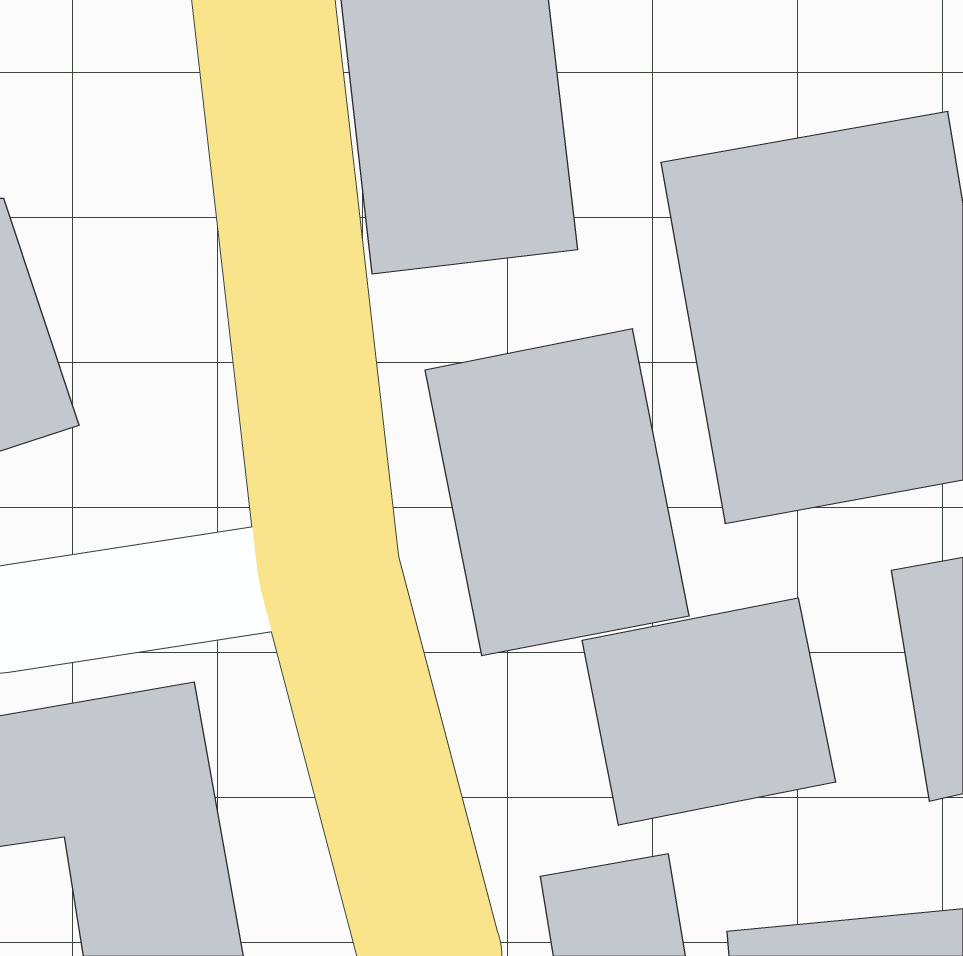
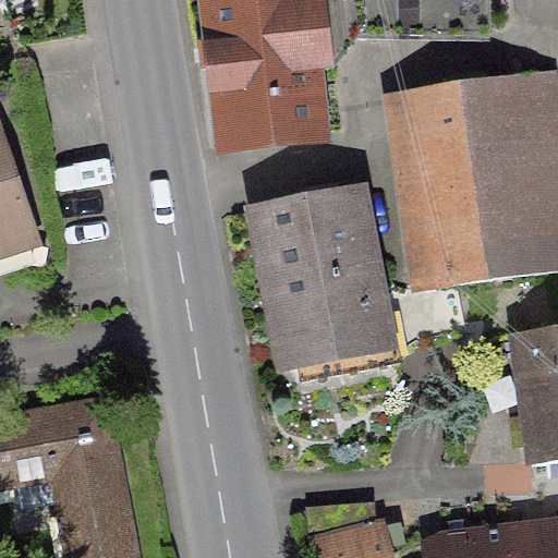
building: [582,598,836,825] -> none

